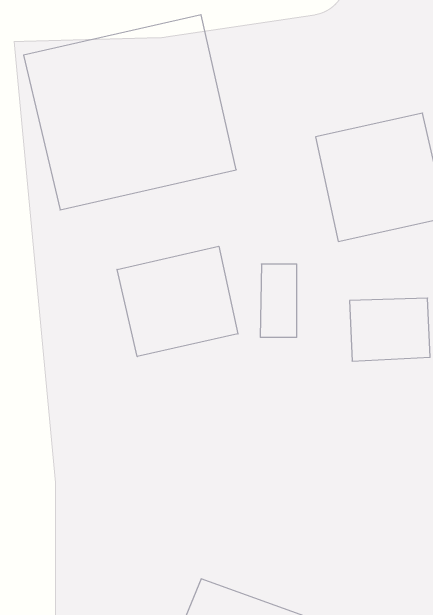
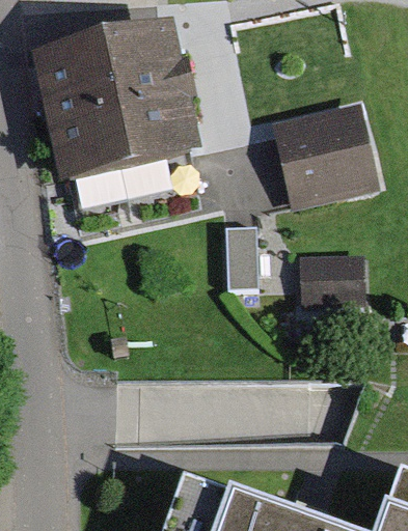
building: [117,246,238,357] -> none

